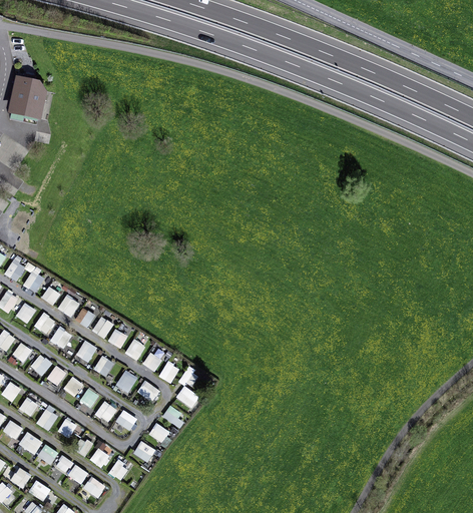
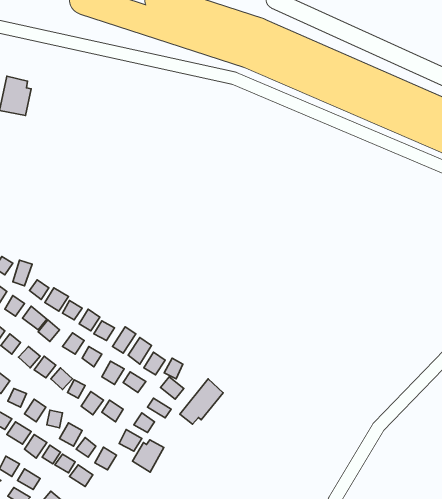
building: none -> [180,379,223,424]
building: none -> [133,440,164,472]

